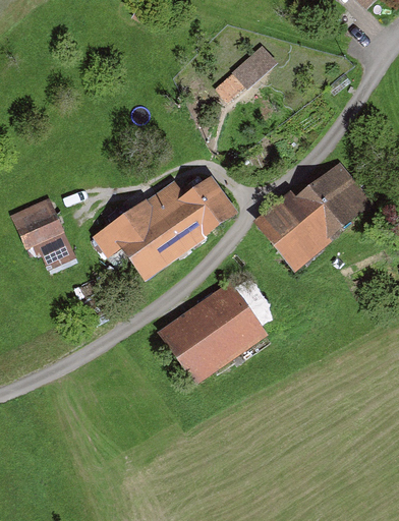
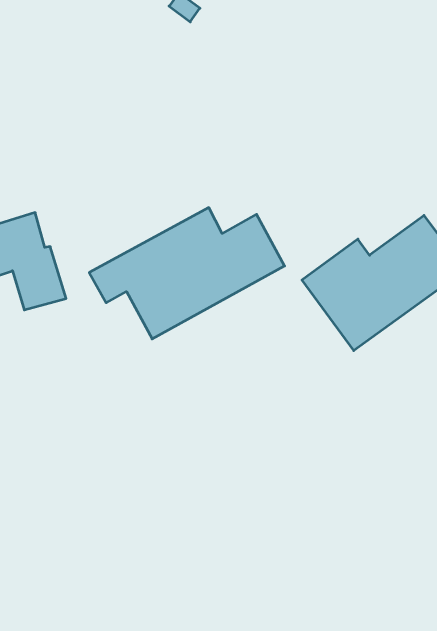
building: [214,43,277,104] -> none
building: [159,281,268,387] -> none

